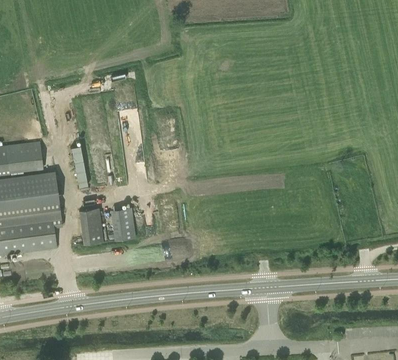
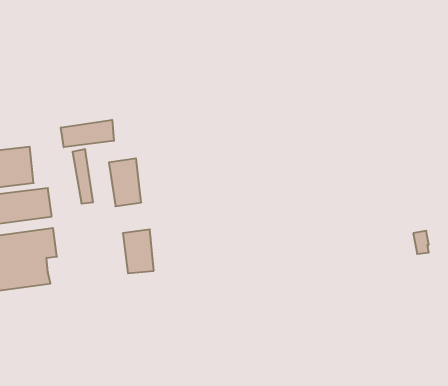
building: none -> [61,120,114,147]
building: [78,209,103,246] -> [109,158,141,206]

